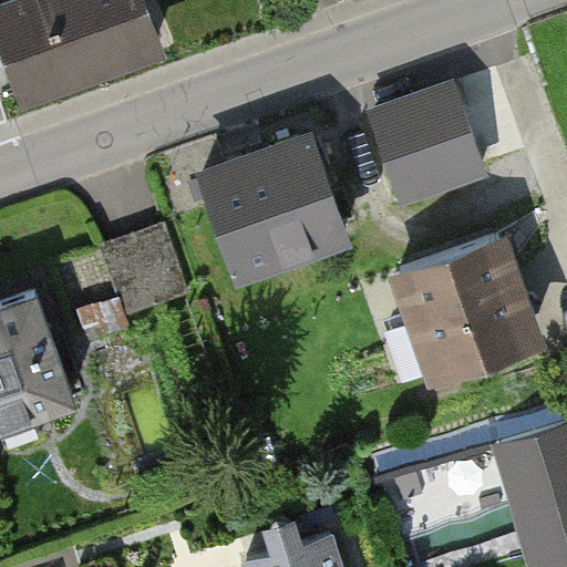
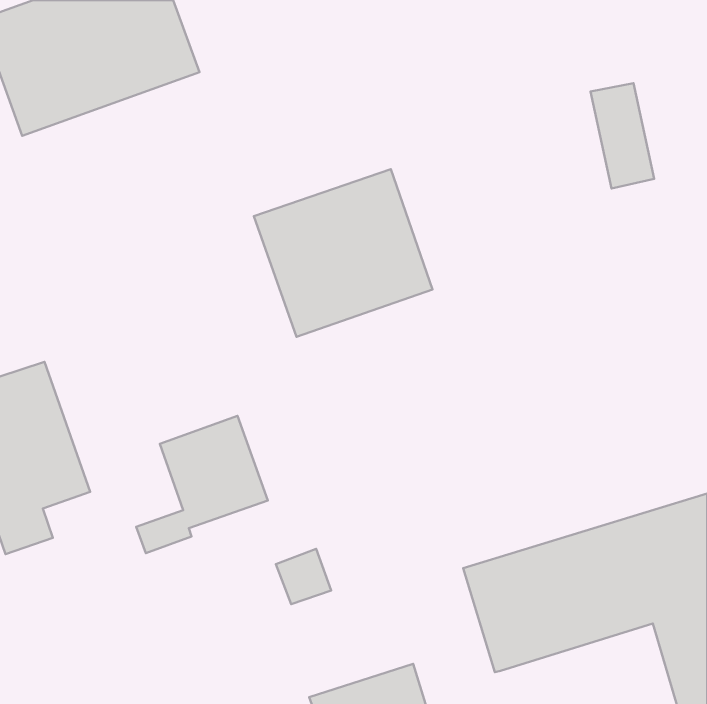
building: [373,87,484,196] -> none
building: [82,224,187,333] -> [136,416,268,553]
building: [401,236,534,369] -> none

